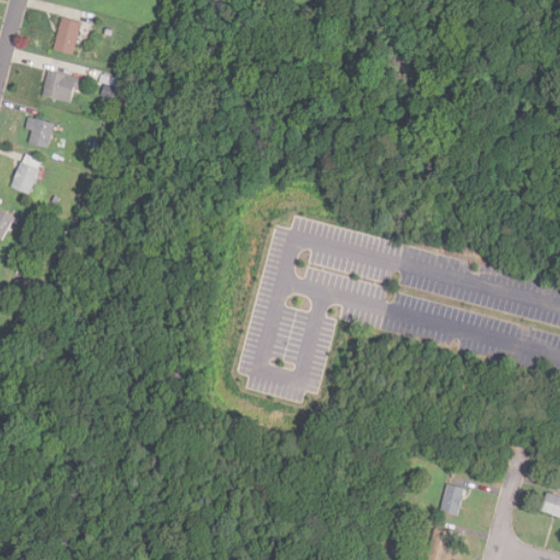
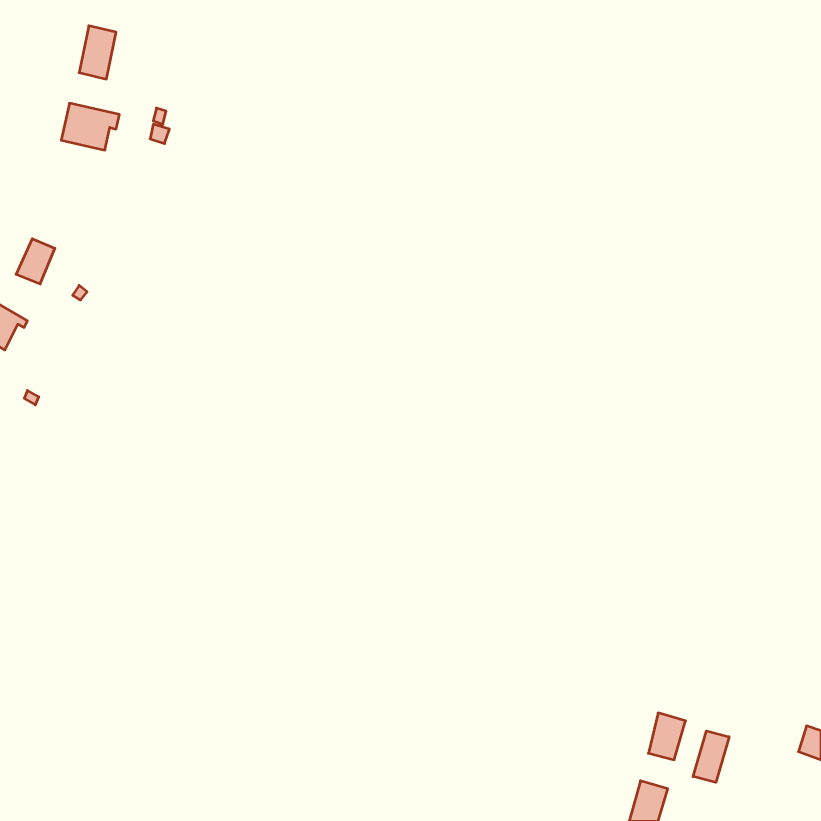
building: [24,117,54,147] -> none
building: none -> [693,731,729,782]

